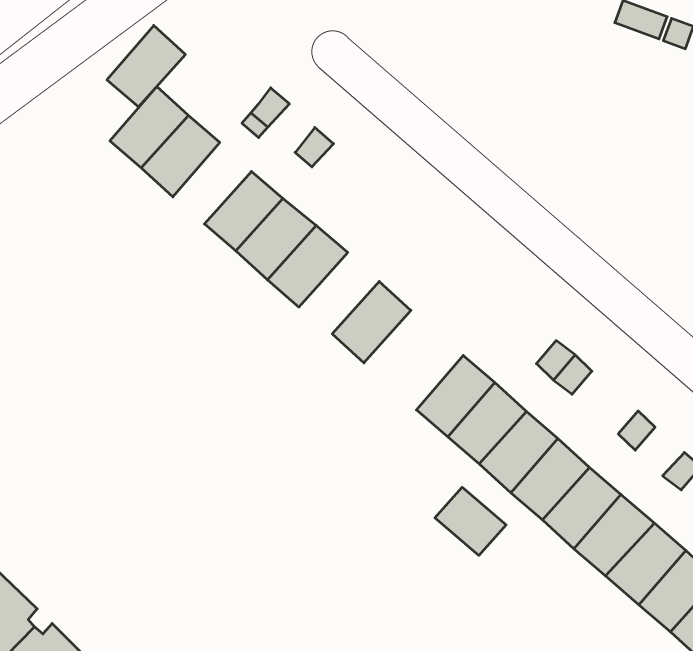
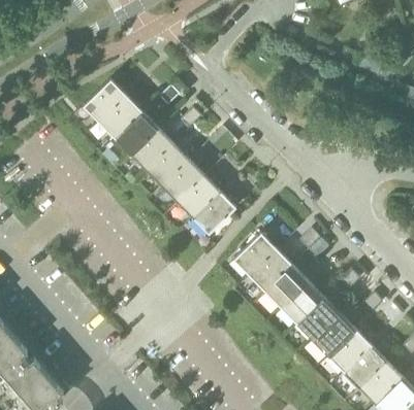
building: [107,25,185,107] -> [115,111,157,153]
building: none -> [177,174,220,216]
building: [435,487,506,555] -> none

